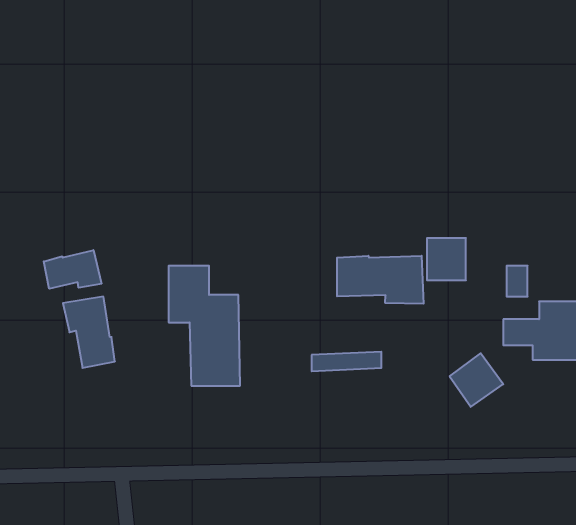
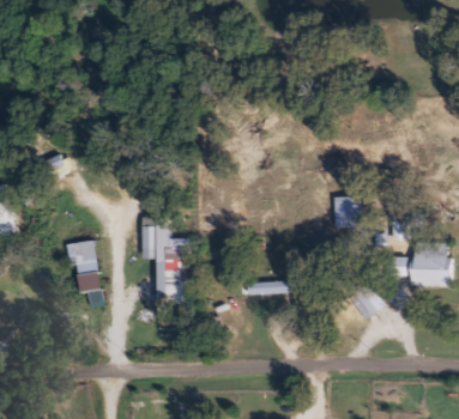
building: [44,250,101,289] -> none
building: [337,256,424,304] -> none

